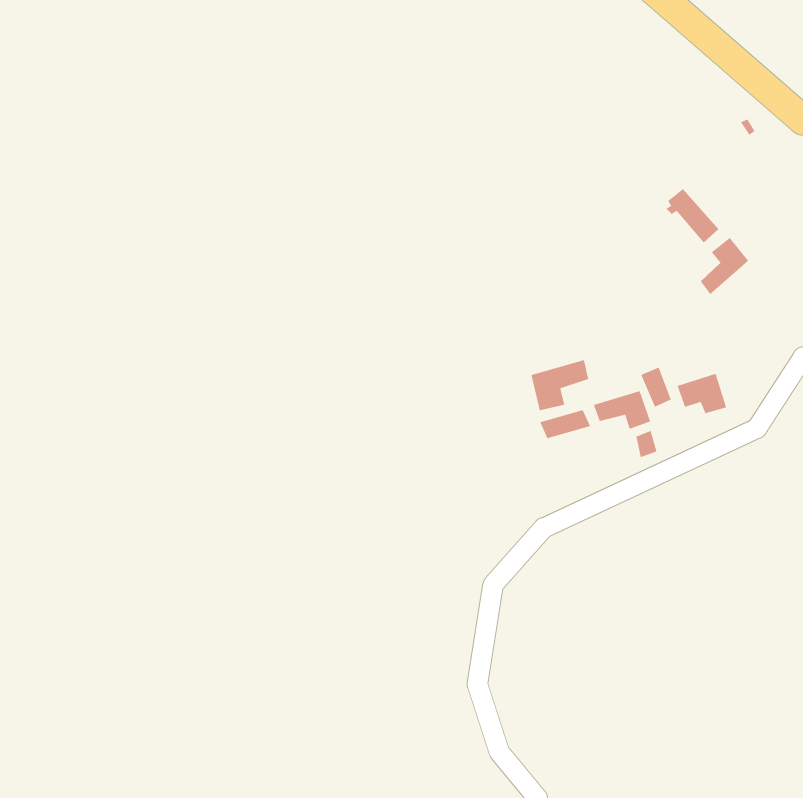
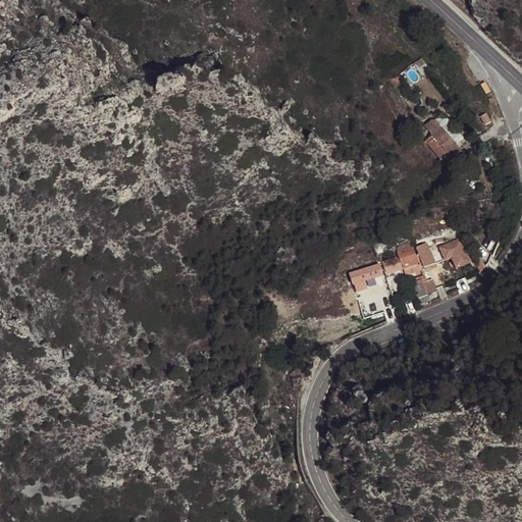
building: [700,237,749,295] -> none
building: [531,359,589,411] -> none

